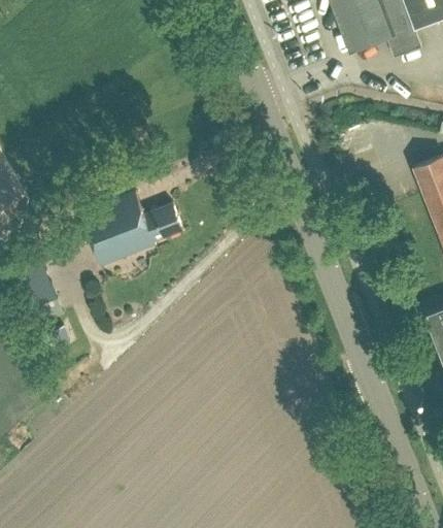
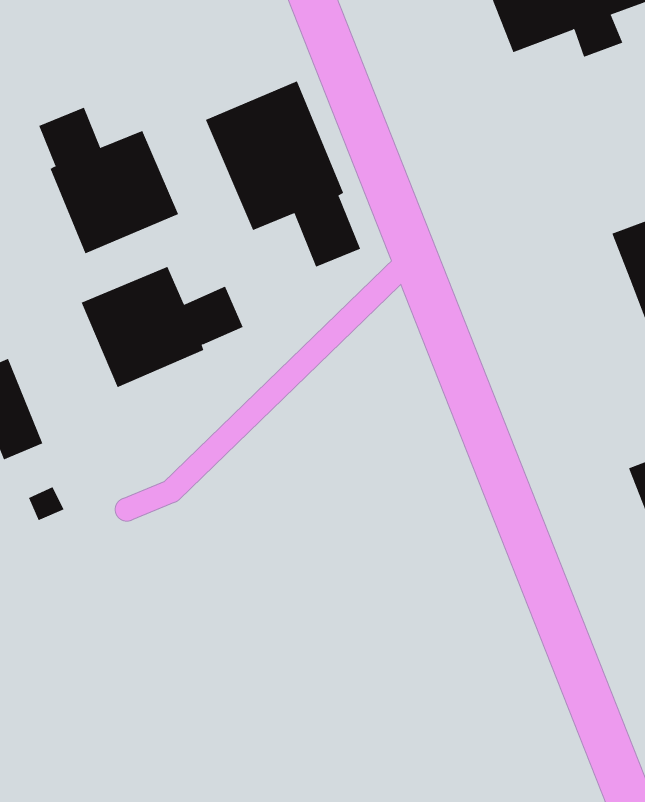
building: none -> [205,80,361,267]
building: none -> [39,107,179,254]

